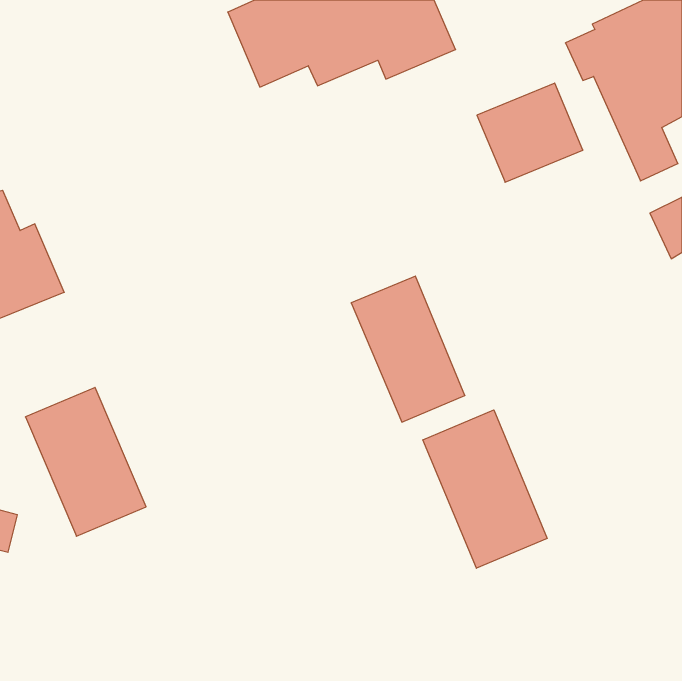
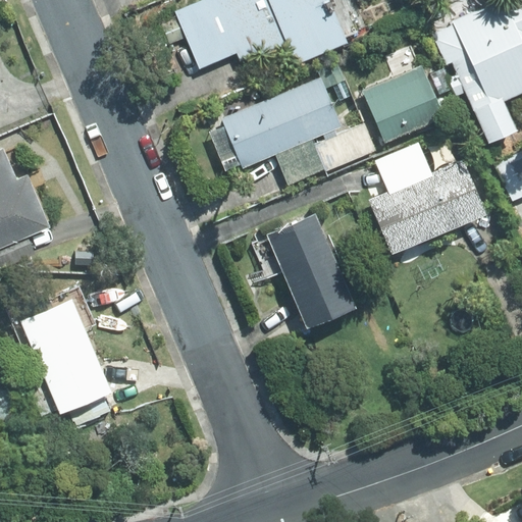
building: none -> [222,79,376,186]
building: none -> [369,143,487,252]
building: [423,410,547,568] -> none

